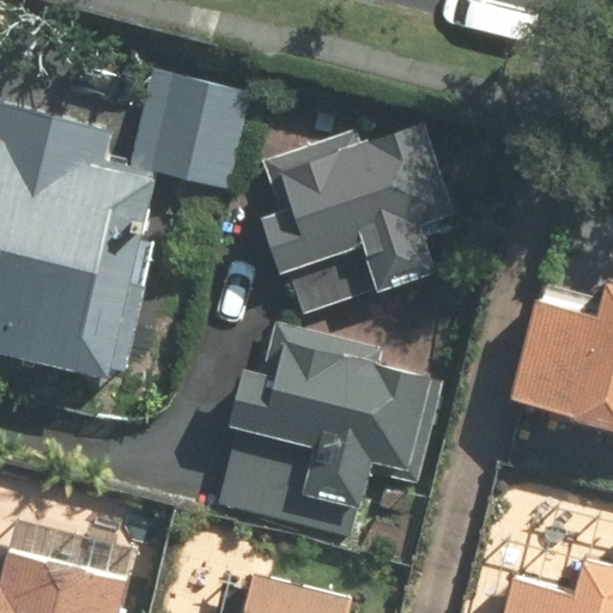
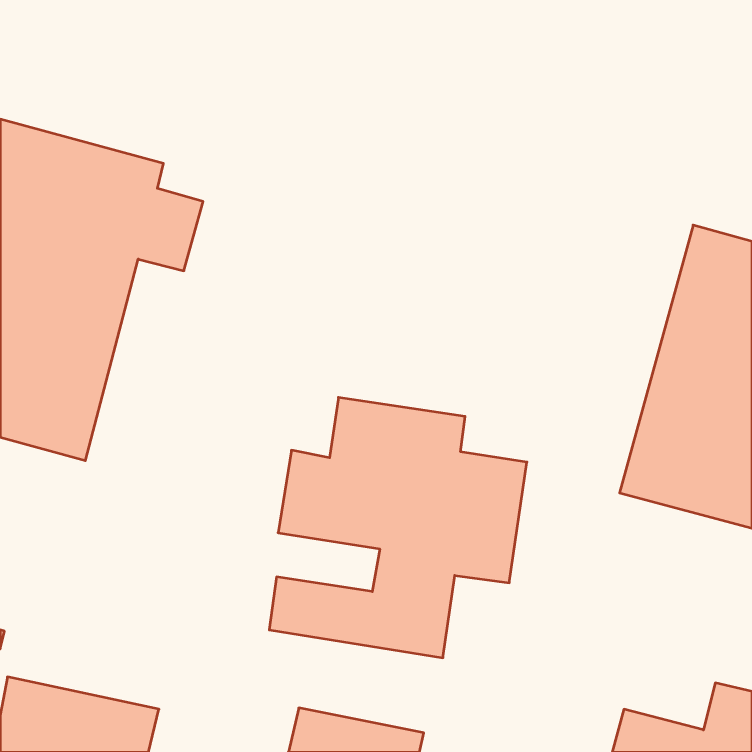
building: [162,57,262,198] -> none
building: [254,135,450,324] -> none

